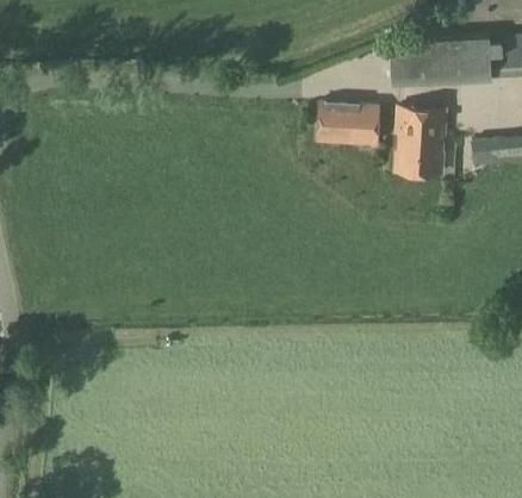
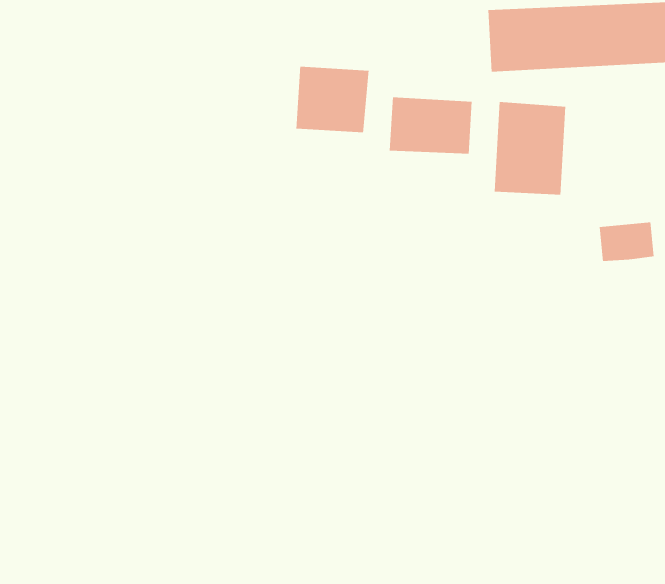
building: none -> [296,66,369,133]
building: [472,137,512,166] -> [599,222,655,261]

